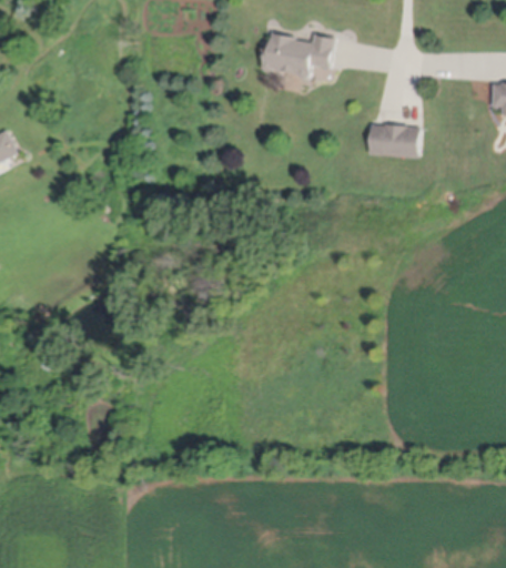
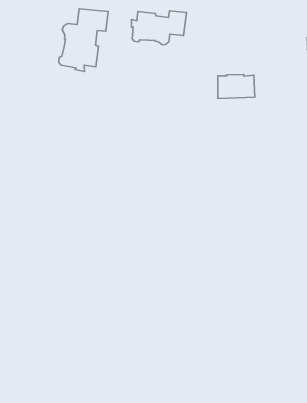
building: none -> [59,9,108,71]

